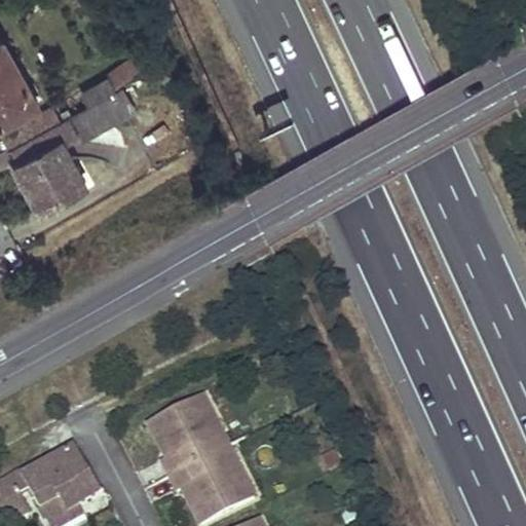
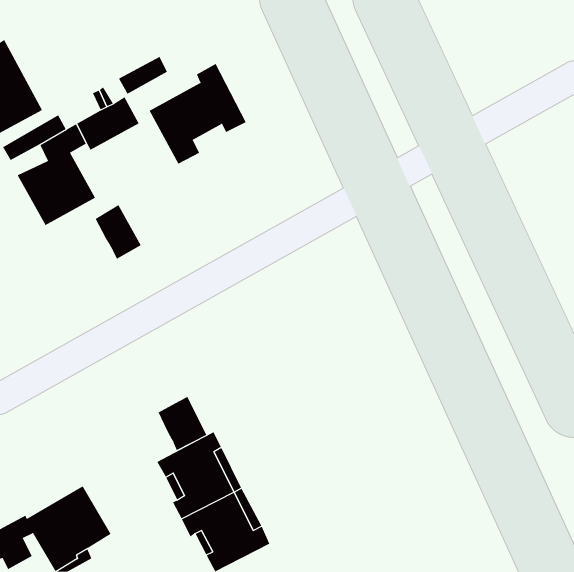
building: none -> [149,63,247,164]
building: none -> [95,204,142,259]
building: none -> [158,396,207,451]

